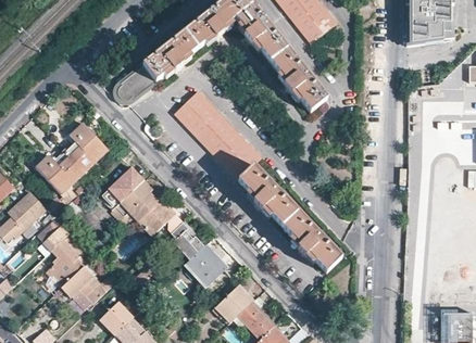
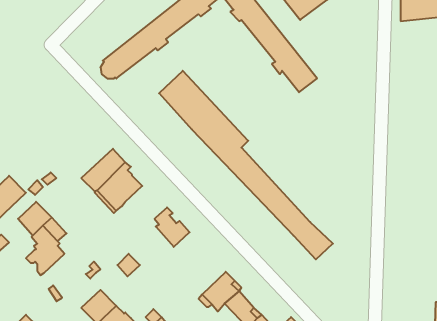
building: [36,123,107,193] -> none
building: [141,202,183,232] -> none
building: [185,246,224,285] -> none
building: [63,261,102,295] -> none

